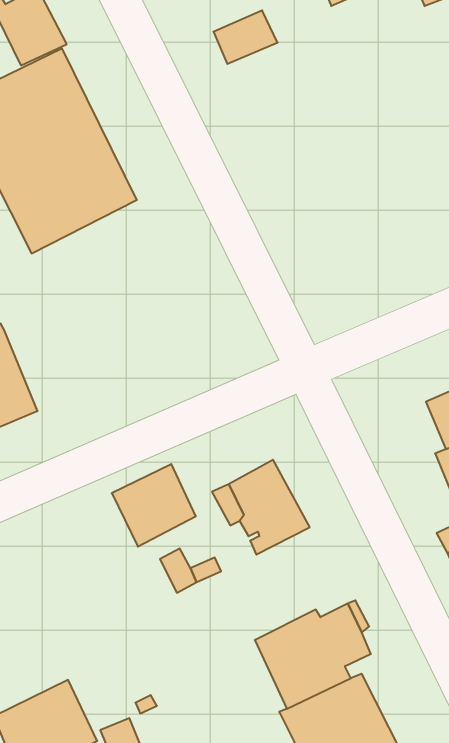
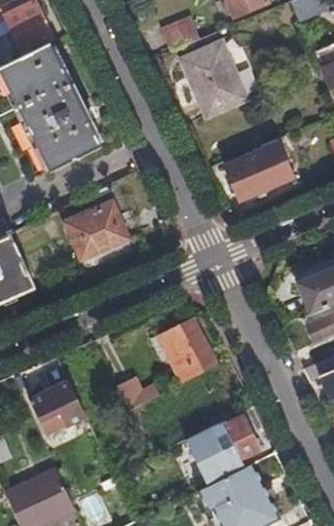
building: none -> [180,40,247,115]
building: none -> [225,138,291,197]
building: none -> [66,202,128,259]
building: [112,464,196,547] -> [29,380,85,436]

